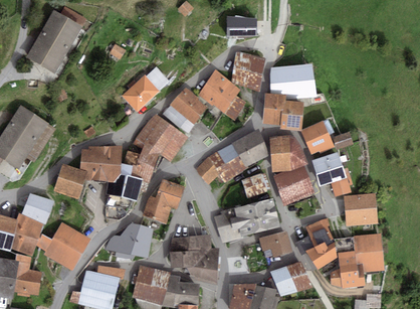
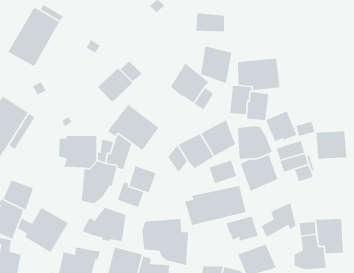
building: [164,86,207,132] -> none
building: [54,162,88,197] -> none
building: [344,193,378,224] -> [316,130,348,160]
building: [306,242,337,270] -> none

